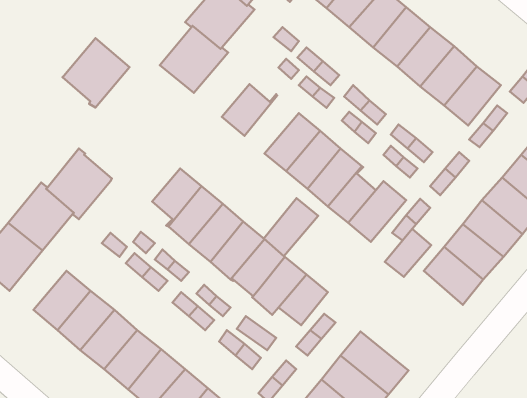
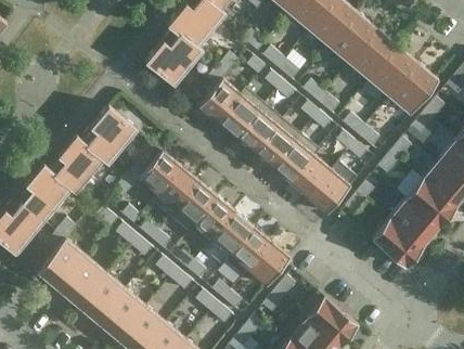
building: [62,38,129,108] -> [80,105,138,165]
building: [264,198,318,256] -> [218,88,265,138]
building: [385,229,431,277] -> none

